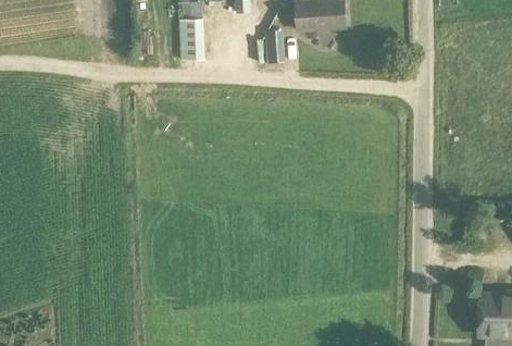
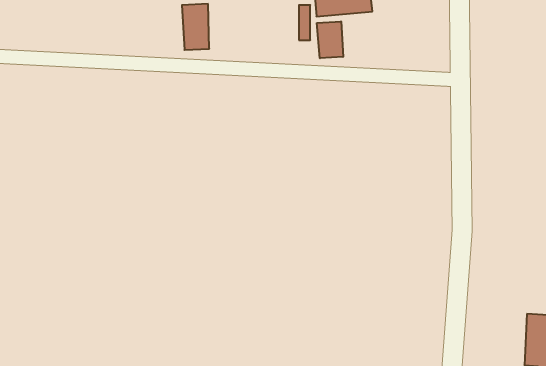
building: none -> [317,21,343,58]

